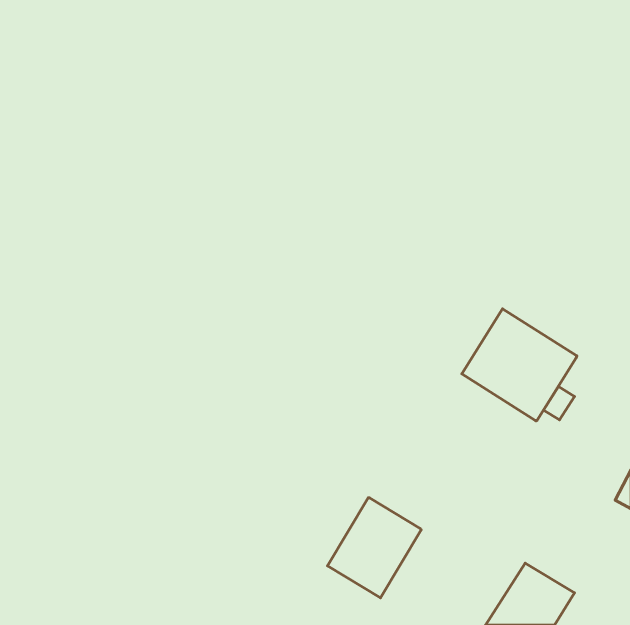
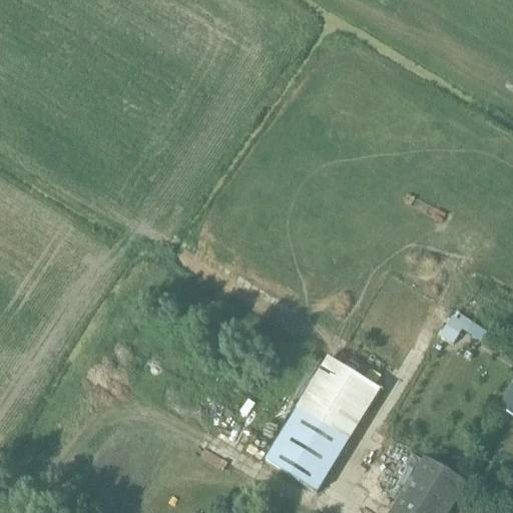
building: [462,309,577,421] -> none
building: none -> [301,357,371,429]

